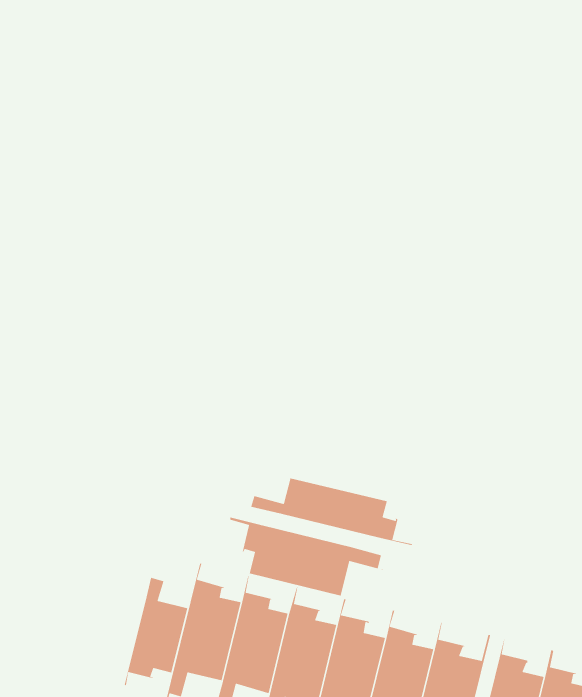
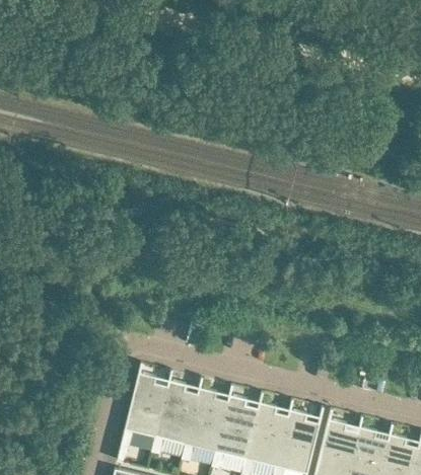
building: [250,477,413,546] -> none
building: [229,516,384,597] -> none
building: [124,577,188,687] -> none

